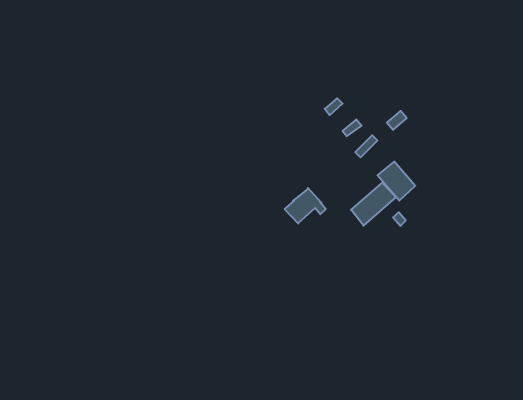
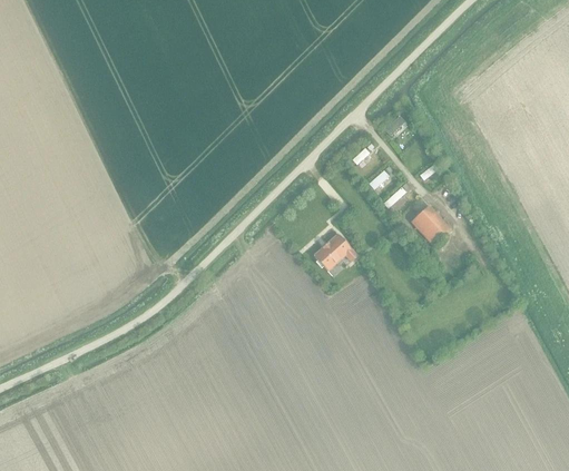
building: [351,183,396,226] -> none

